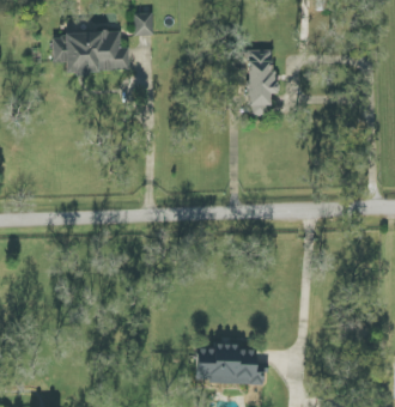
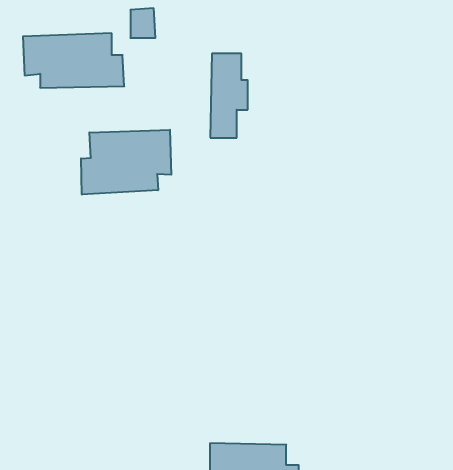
building: [248,50,276,115] -> [210,54,248,138]
building: none -> [81,130,171,195]

